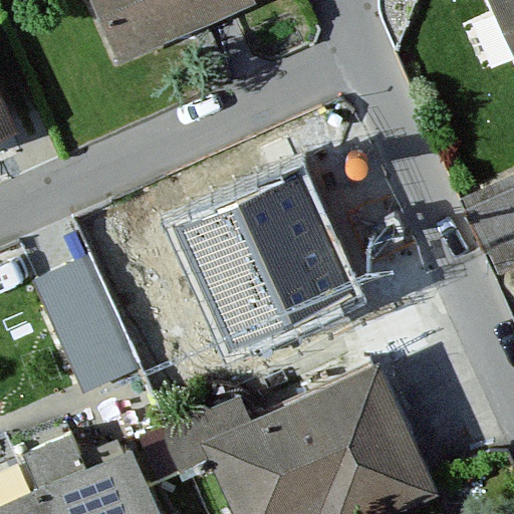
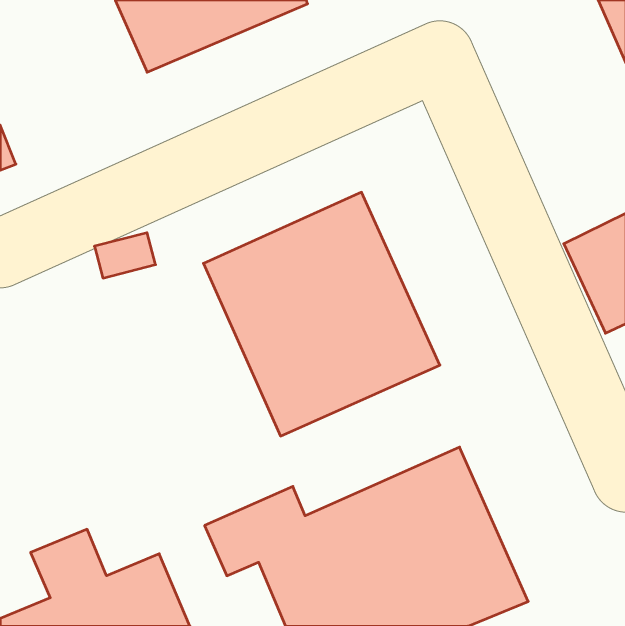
building: [38,259,138,390] -> none

